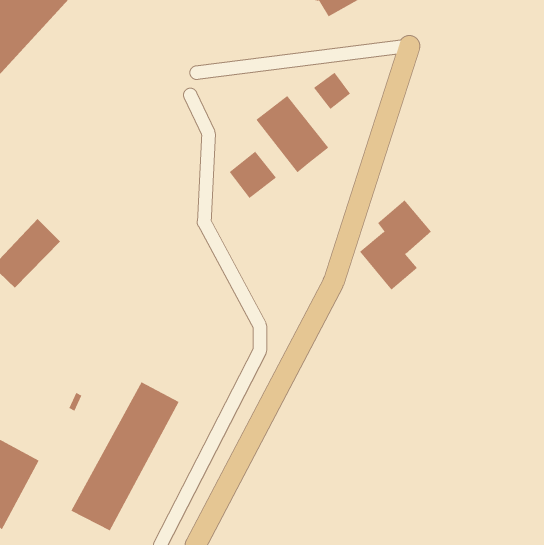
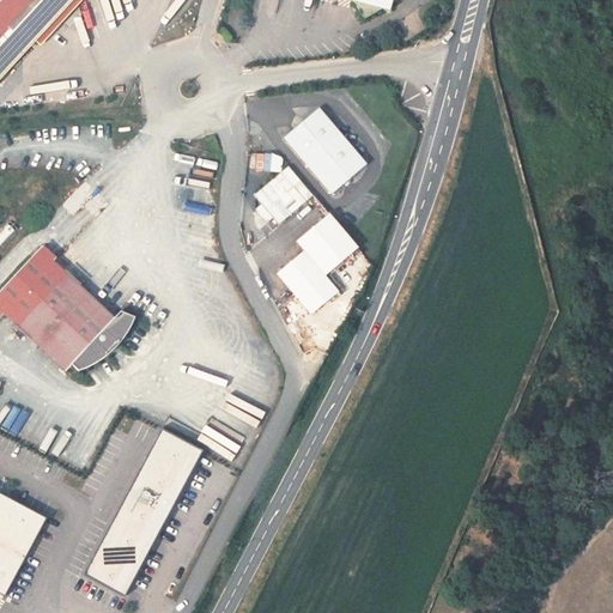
building: [313,72,351,110] -> none
building: [359,200,432,290] -> [274,213,356,315]
building: none -> [17,271,134,370]

